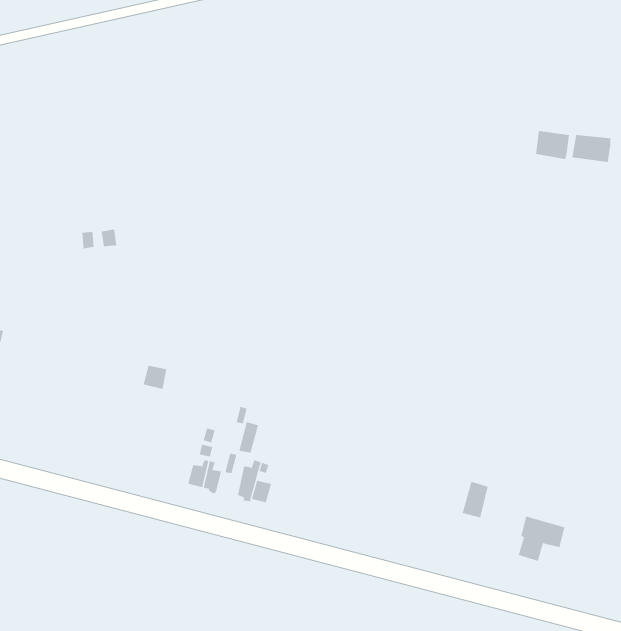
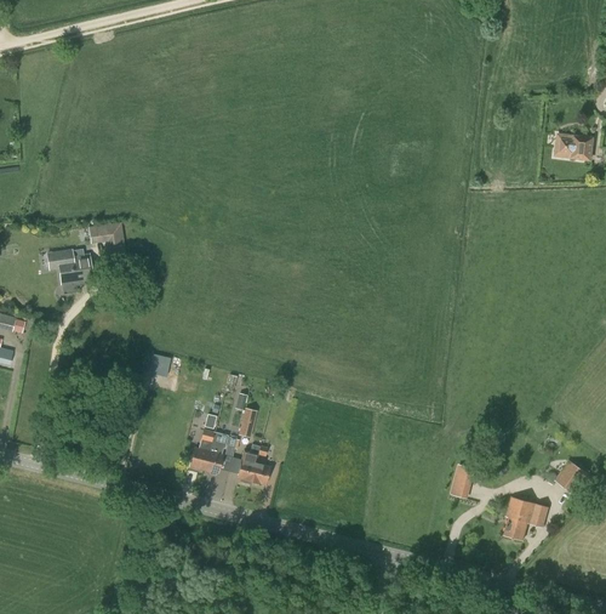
building: [536,130,570,160] -> none
building: none -> [56,254,91,292]
building: none -> [553,460,588,495]

